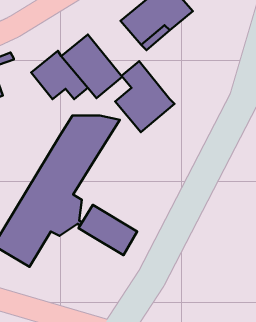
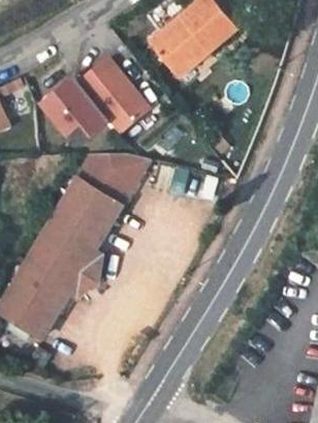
building: [115,61,175,132] -> none
building: [79,205,137,255] -> none

